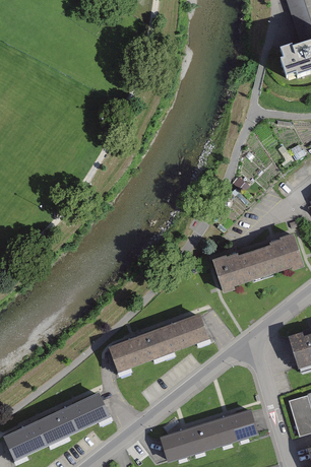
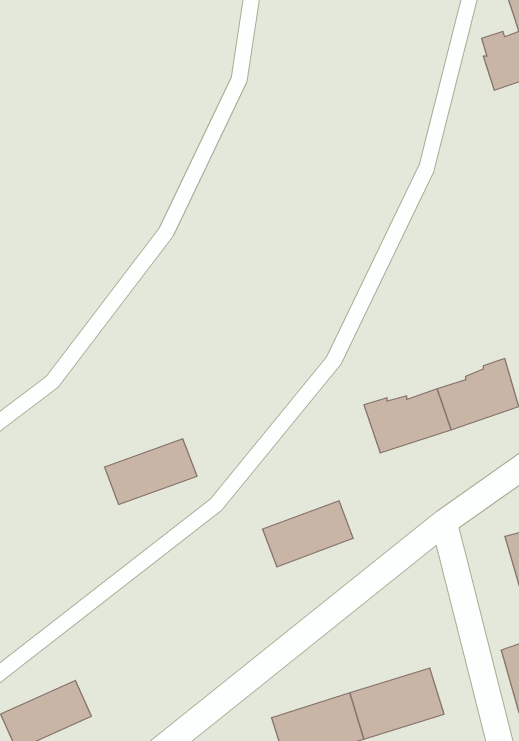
building: [110,331,163,369] -> [104,439,197,504]
building: [48,394,107,438] -> none

